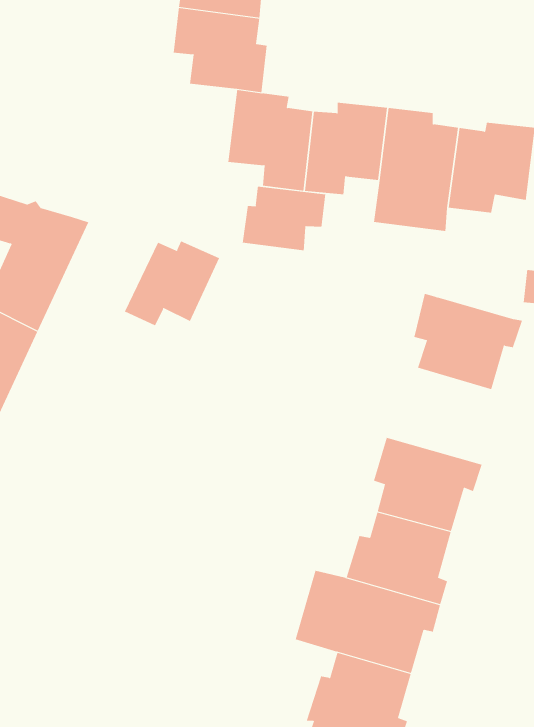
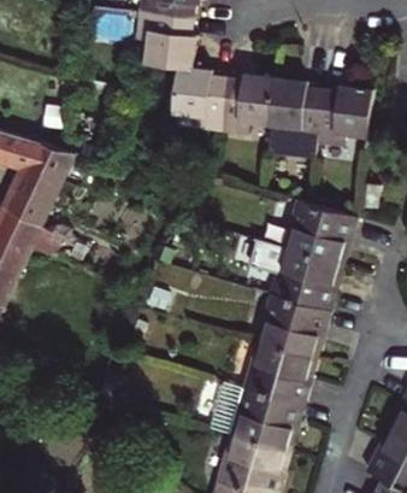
building: [242,186,326,251] -> none
building: [124,240,220,326] -> none
building: none -> [252,239,341,312]

